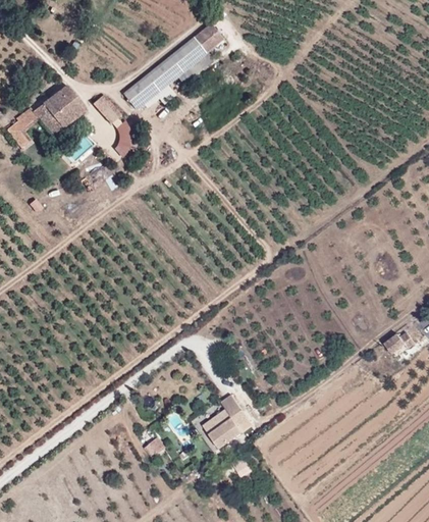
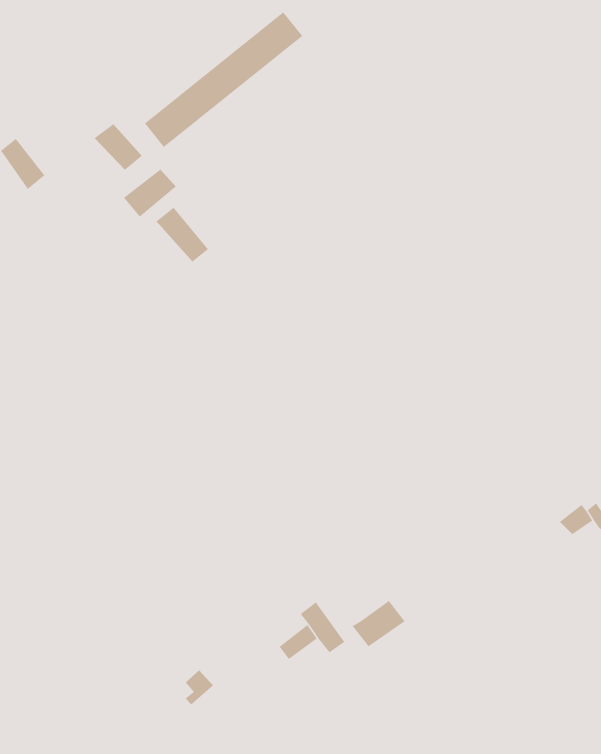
building: [42,85,86,126] -> none
building: none -> [155,207,209,262]
building: [208,418,242,448] -> [352,600,405,647]

